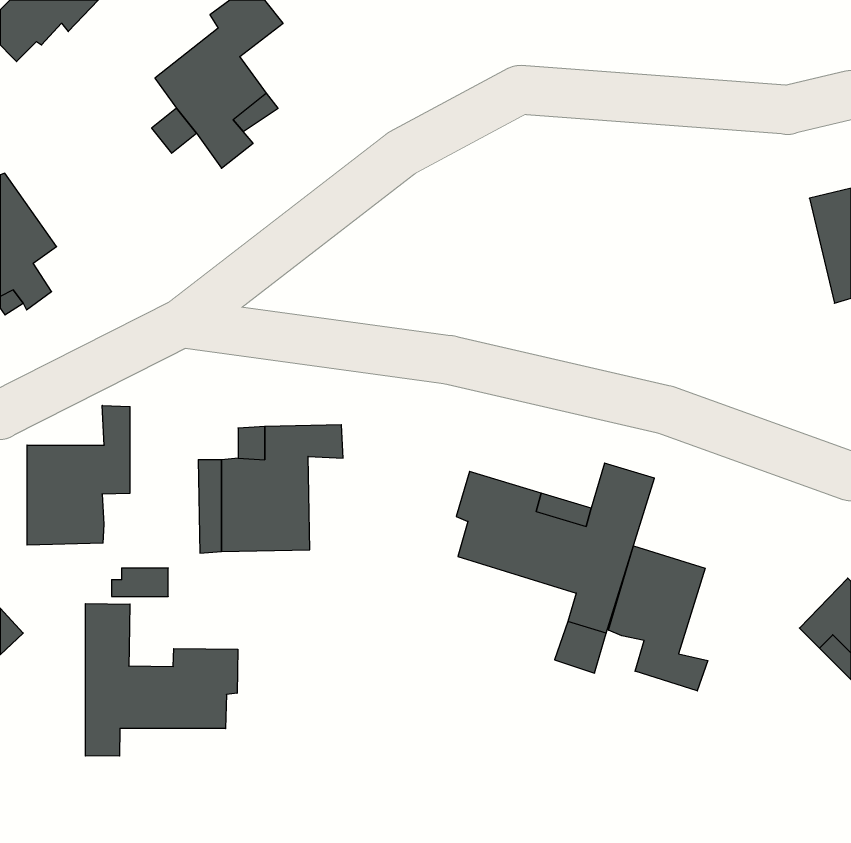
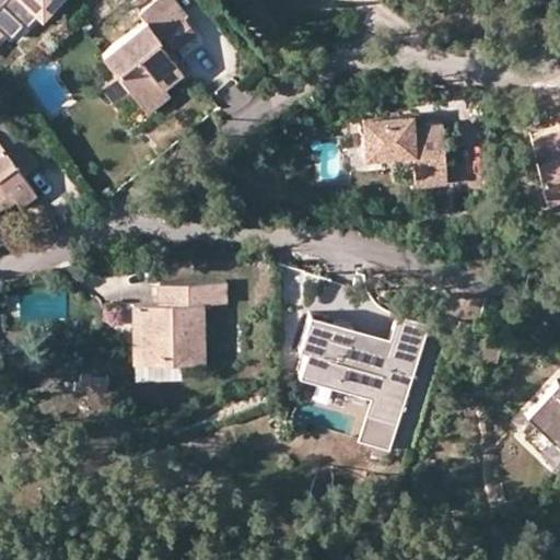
building: none -> [364,119,448,187]
building: [27,405,130,545] -> none
building: [609,546,708,691] -> none
building: [85,604,238,756] -> none

